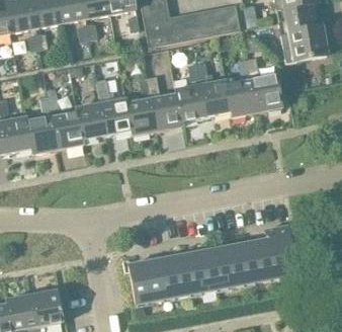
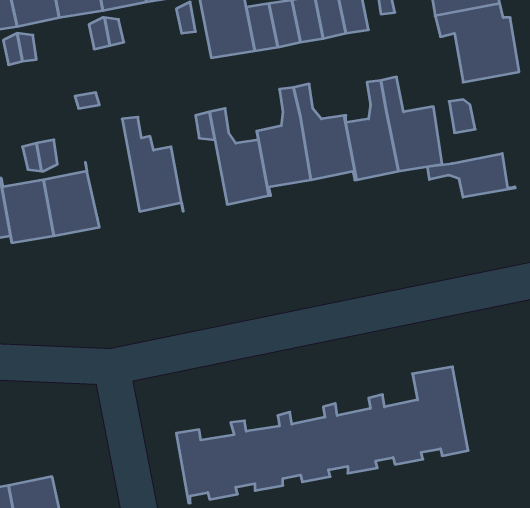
building: [76,81,107,139] -> none
building: [125,97,158,135] -> none
building: none -> [428,153,515,197]

